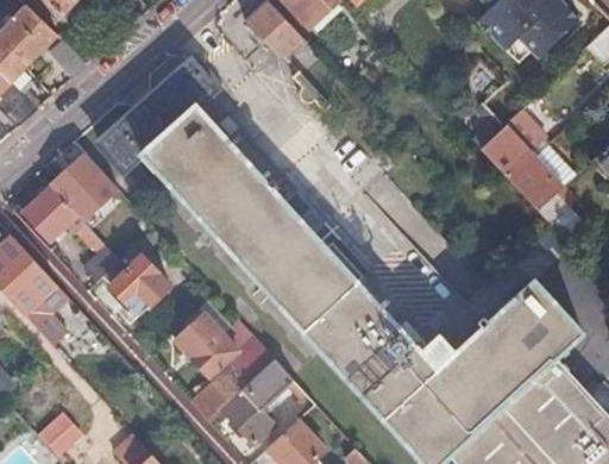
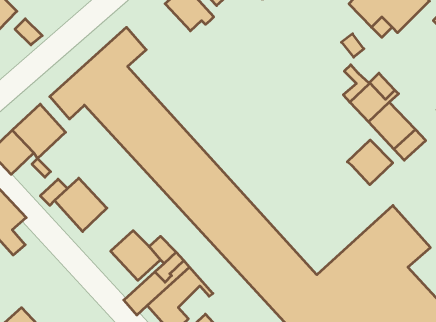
building: none -> [347,140,393,185]

